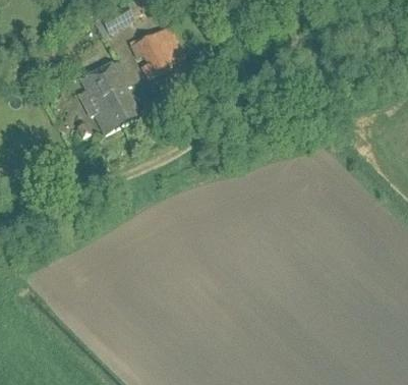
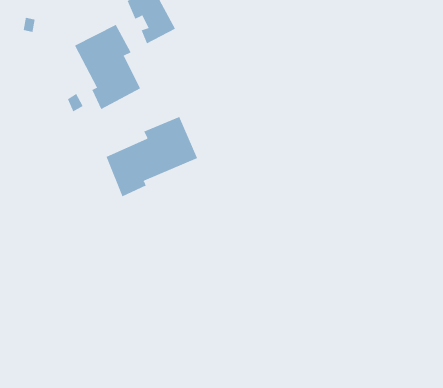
building: none -> [106,116,198,197]

